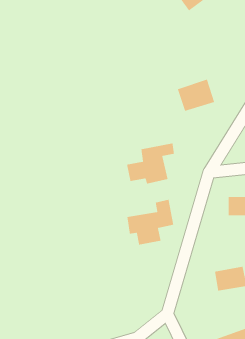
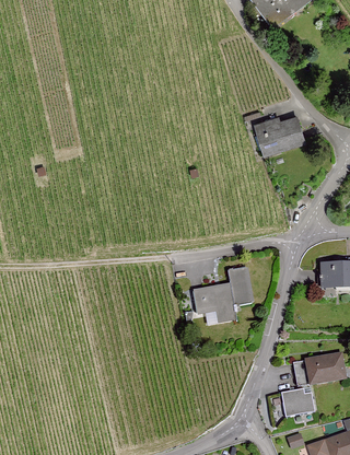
building: [126,143,175,184] -> none
building: none -> [280,388,314,418]

